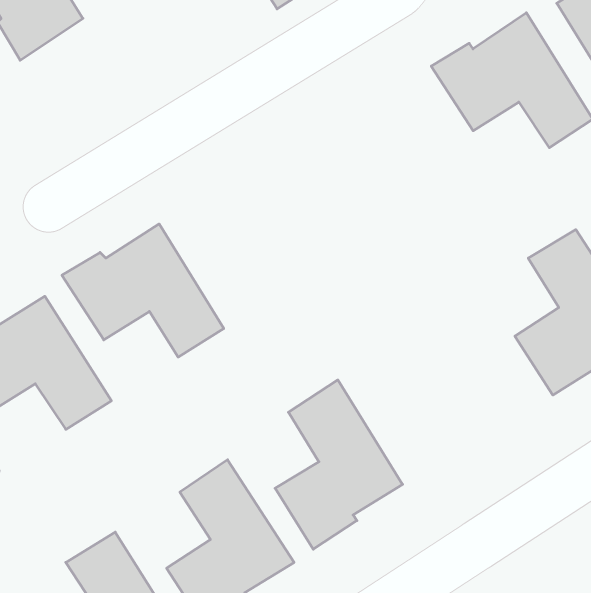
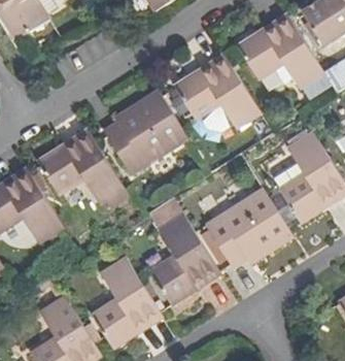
building: none -> [172,56,260,129]
building: none -> [102,91,188,176]
building: none -> [206,187,294,266]

